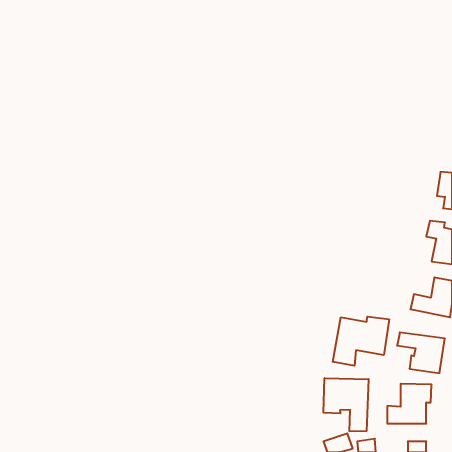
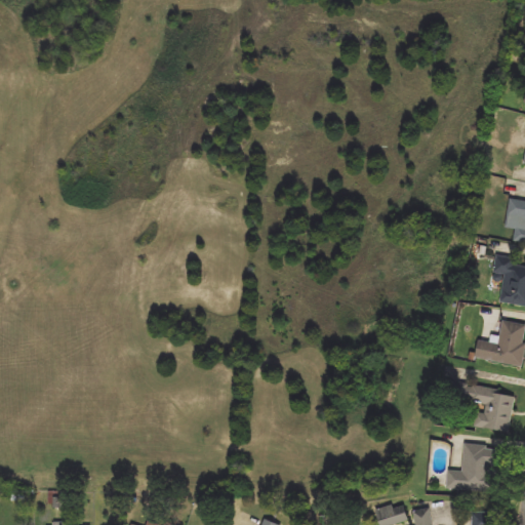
building: [333,317,389,366] -> none
building: [324,378,369,431] -> none

